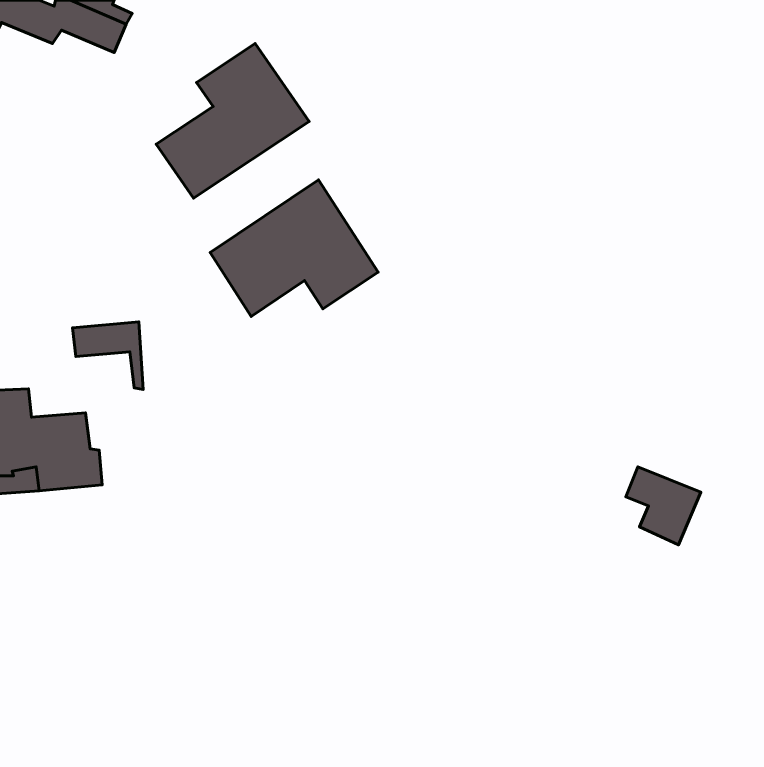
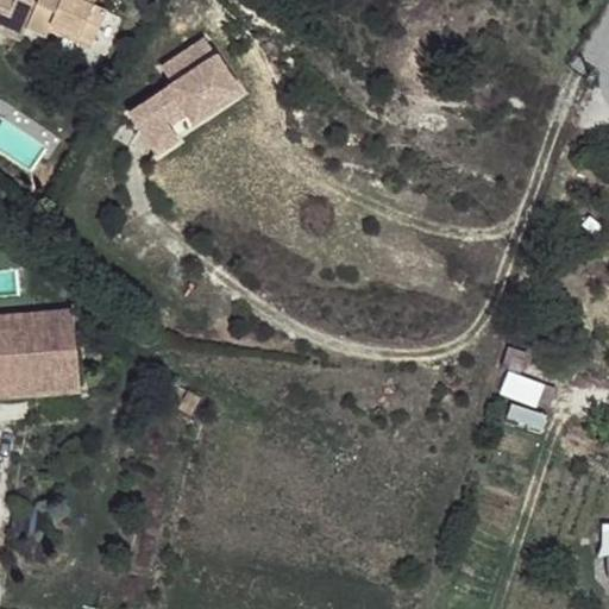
building: [210,180,378,317] -> none
building: [73,322,143,389] -> [23,303,79,357]

